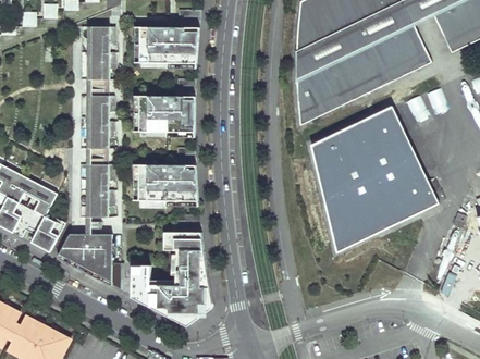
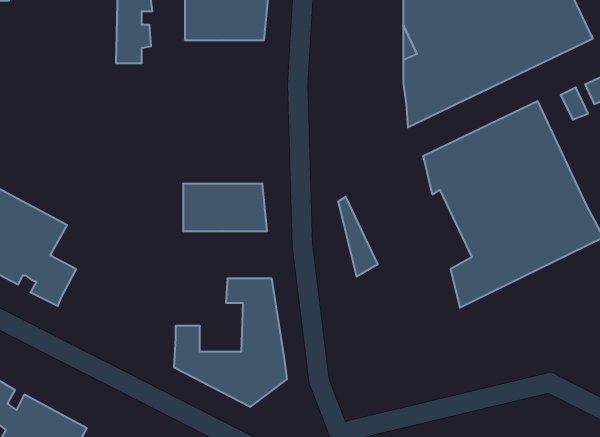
building: [90,95,115,147] -> none
building: [138,96,195,132] -> none
building: [89,163,115,216] -> none
building: [316,169,344,225] -> [338,197,378,276]
building: [57,233,120,286] -> none

